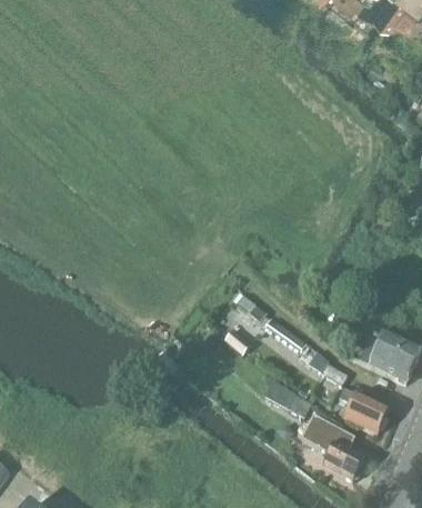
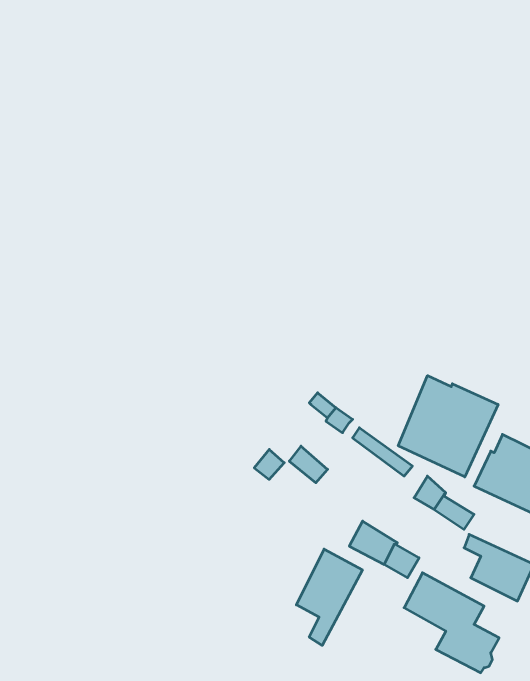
building: none -> [398,376,498,477]
building: none -> [296,549,362,645]

